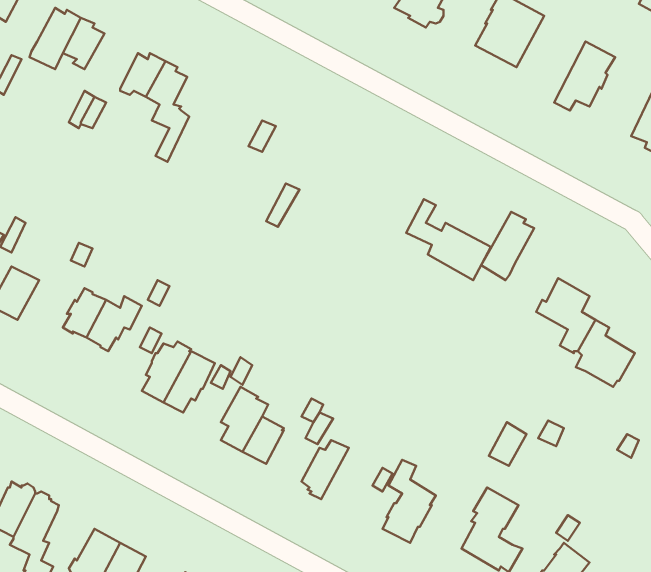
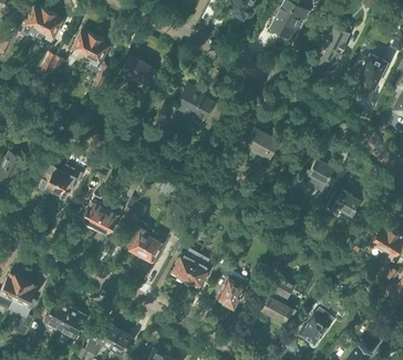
building: none -> [113,55,151,83]
building: none -> [174,85,214,121]
building: [481,212,534,280] -> none
building: none -> [184,254,209,287]

